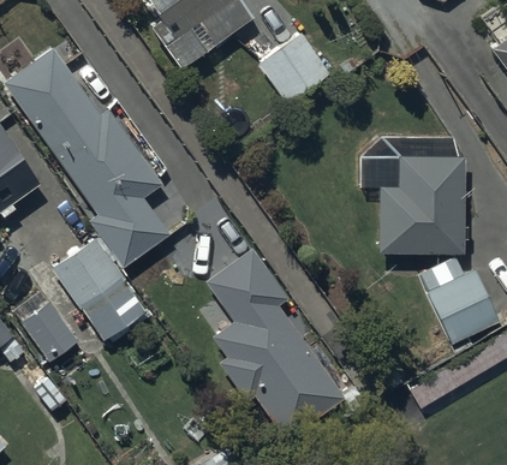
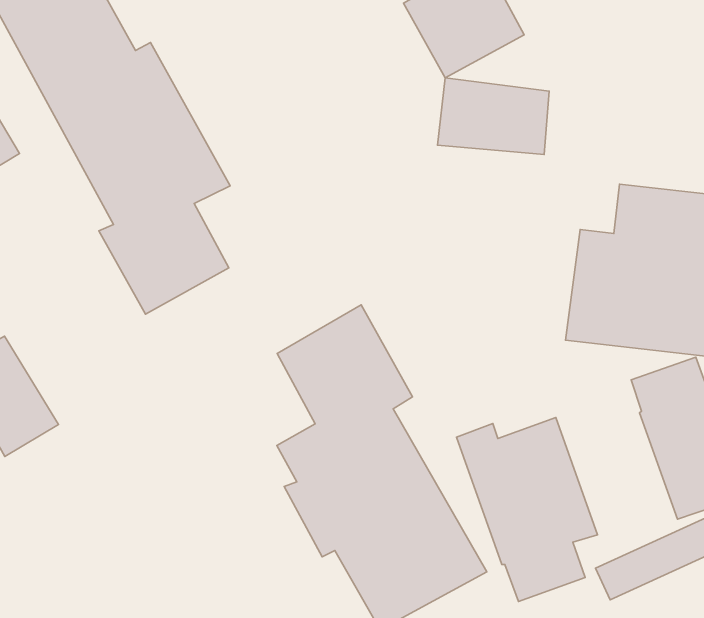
building: none -> [437,78,549,154]
building: [52,237,148,341] -> none
building: none -> [457,418,598,602]

